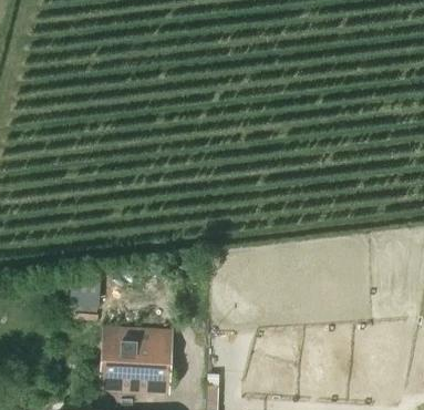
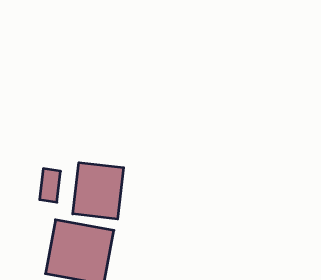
building: none -> [73,163,124,219]

